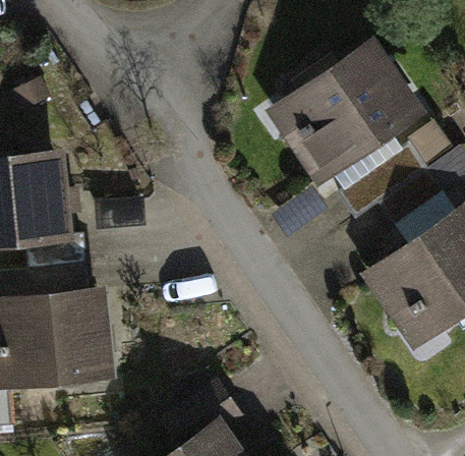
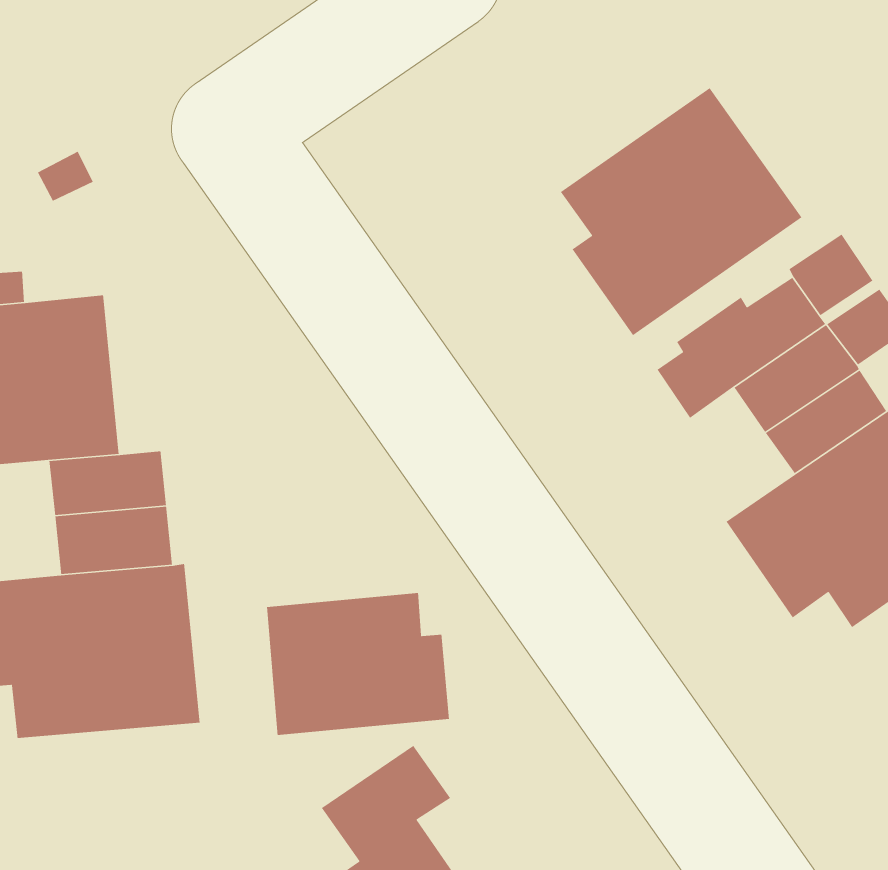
building: none -> [266,592,450,736]

